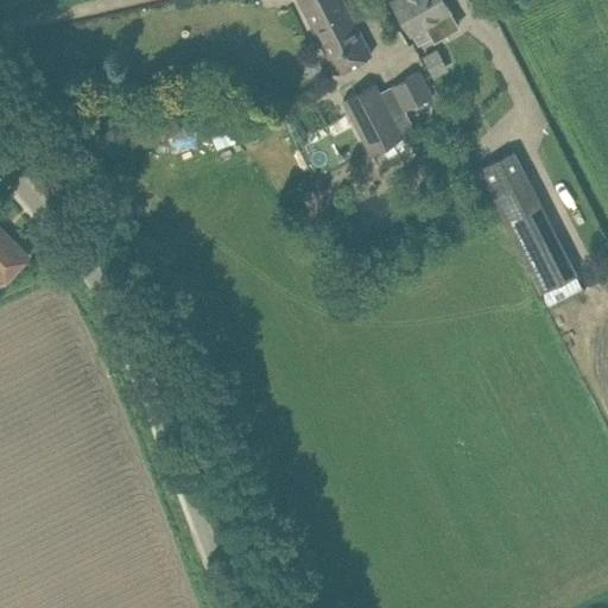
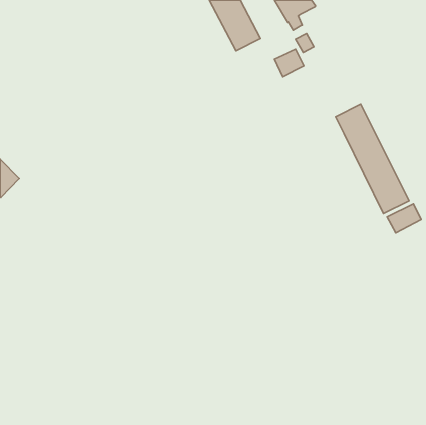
building: [342,84,403,153] -> none
building: none -> [387,204,421,233]

